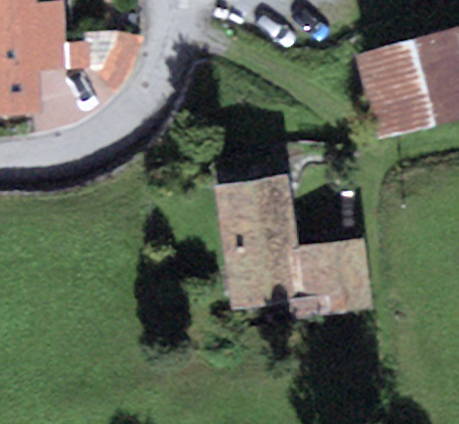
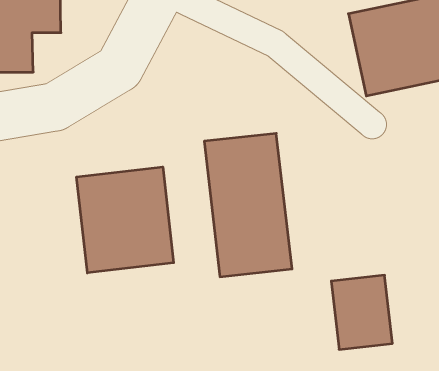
building: none -> [77,167,174,273]
building: [304,239,366,314] -> [331,275,392,349]

